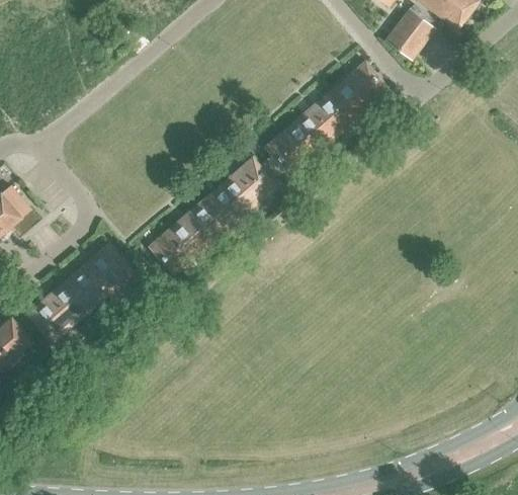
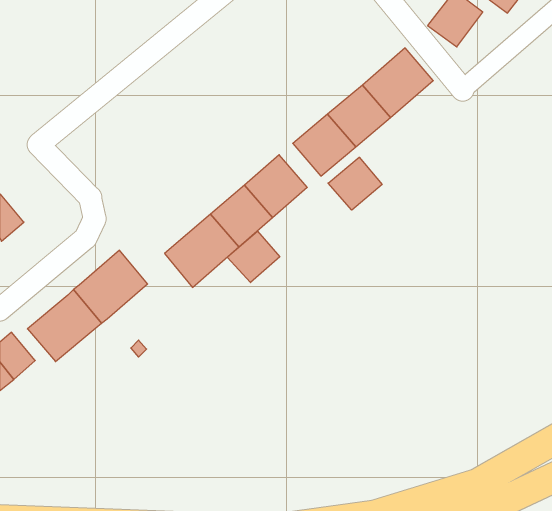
building: none -> [328,157,382,210]
building: none -> [227,231,280,283]

